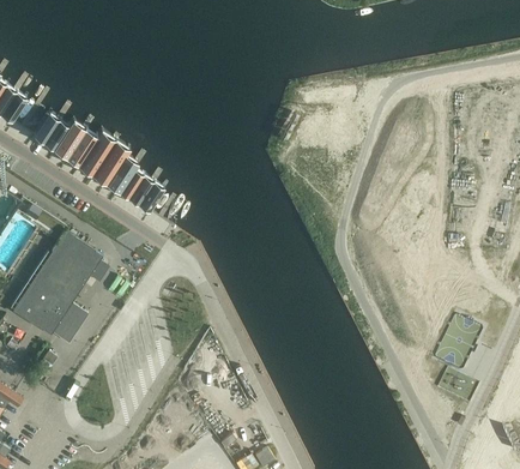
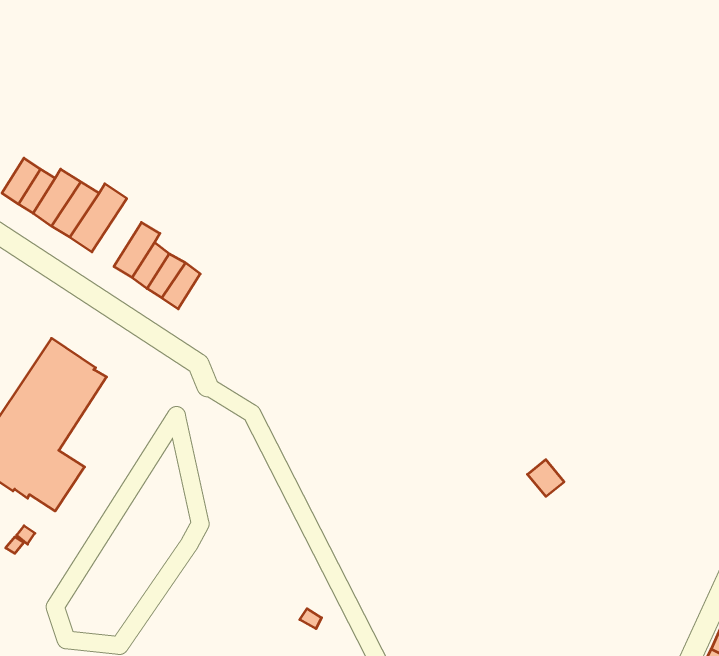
building: [91,139,128,184] -> none

